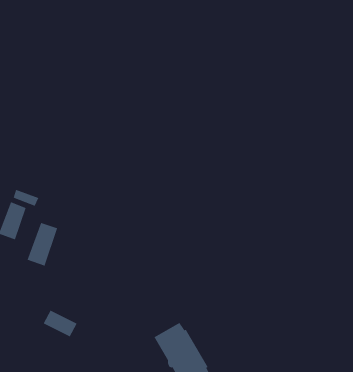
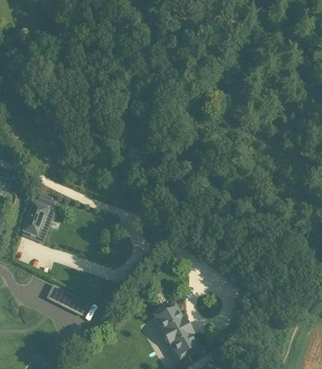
building: [27,222,58,267] -> none

